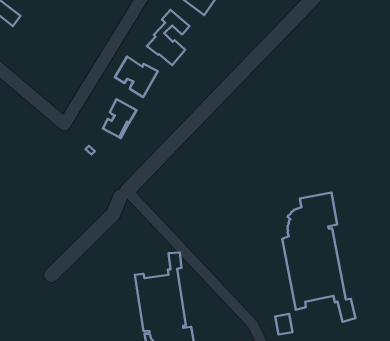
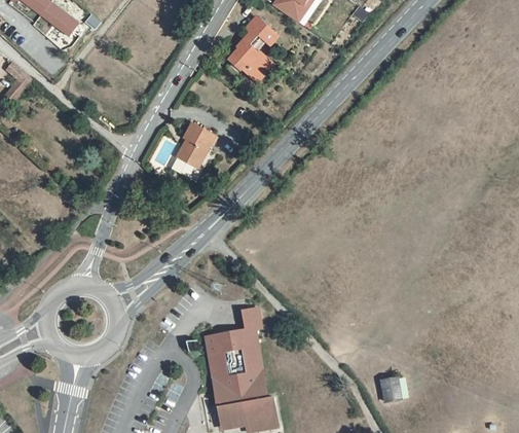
building: [115,57,158,97] -> none
building: [282,192,355,322] -> none

